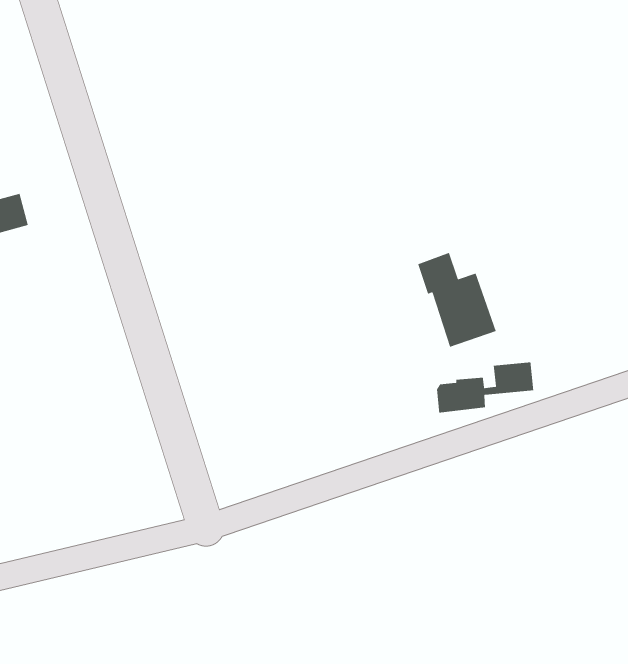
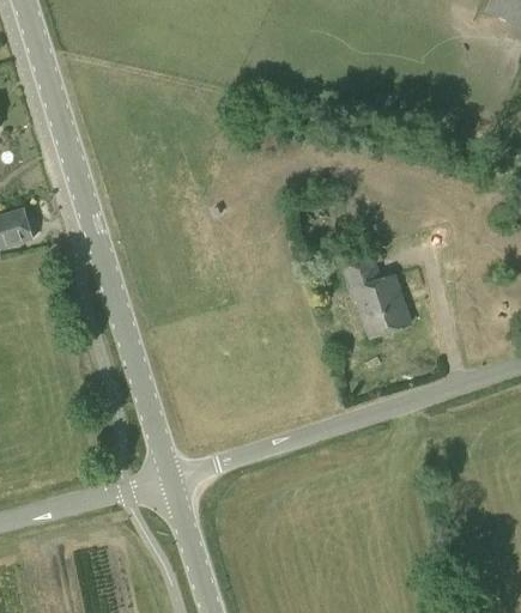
building: [436,362,534,413] -> none

